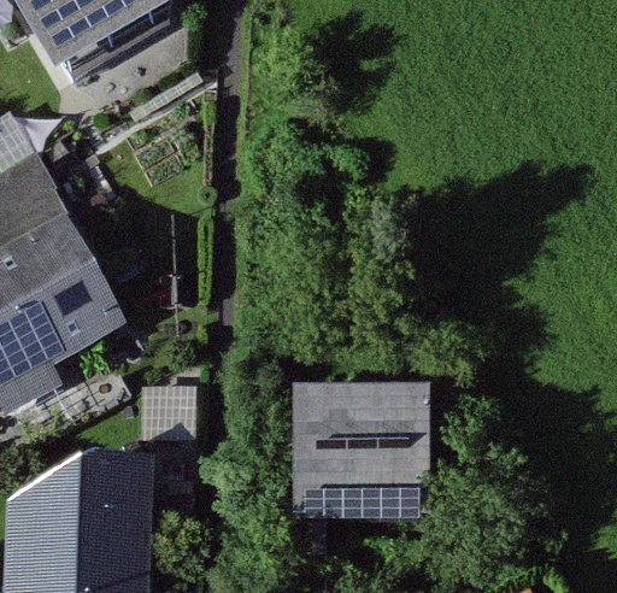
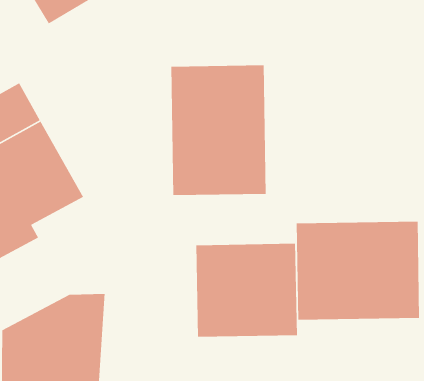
building: none -> [170,65,267,196]
building: none -> [296,221,420,320]

